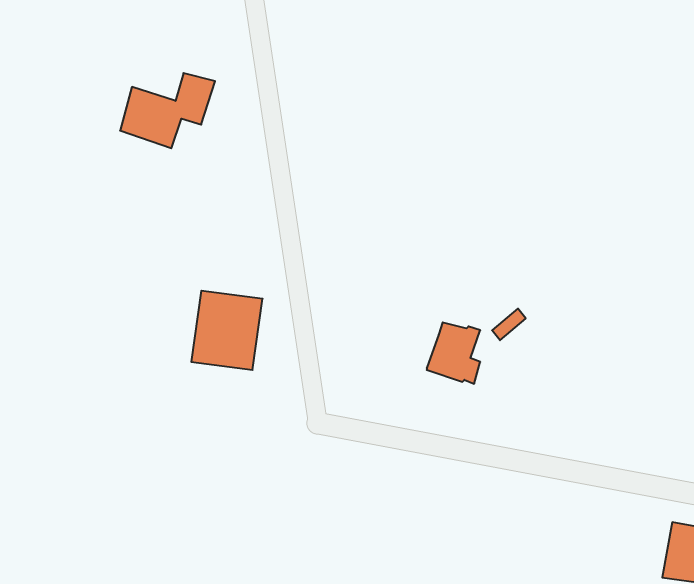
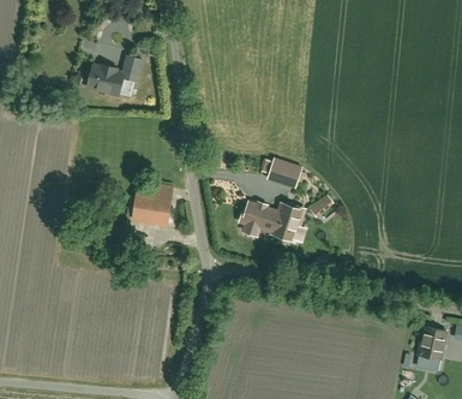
building: none -> [268,157,301,186]
building: none -> [240,202,280,234]

